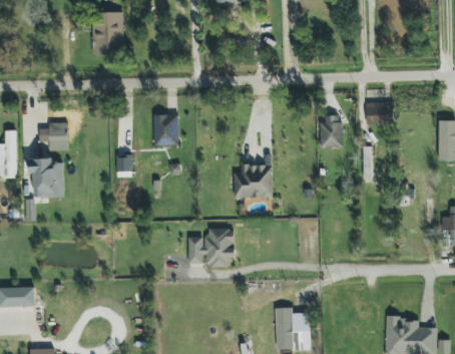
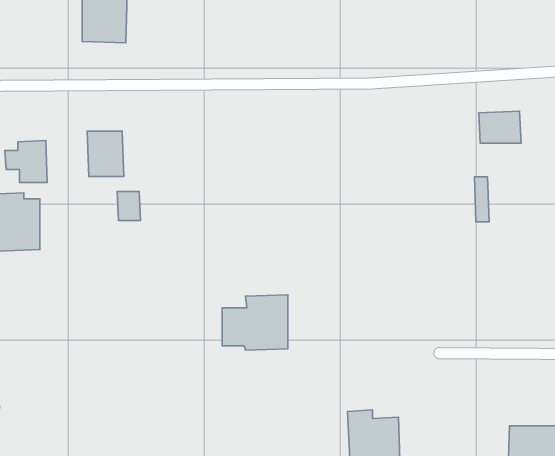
building: [153,114,178,145] -> [87,131,124,176]
building: [320,114,342,147] -> none
building: [234,154,272,198] -> none

